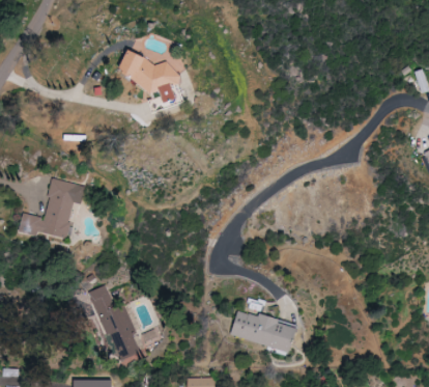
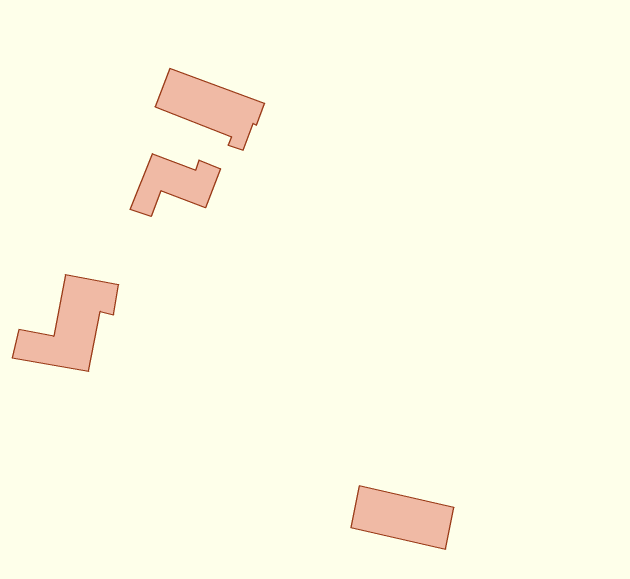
building: none -> [130,154,220,216]
building: [88,285,139,359] -> none

